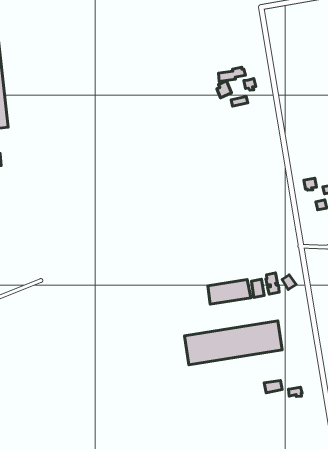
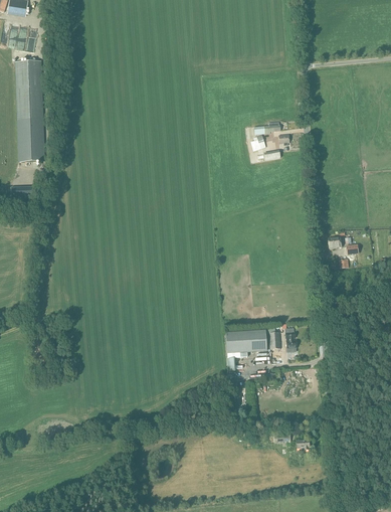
building: [184,321,282,365] -> none

